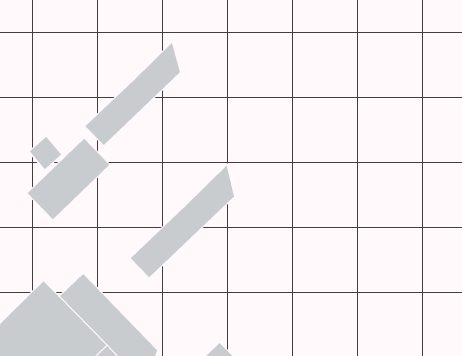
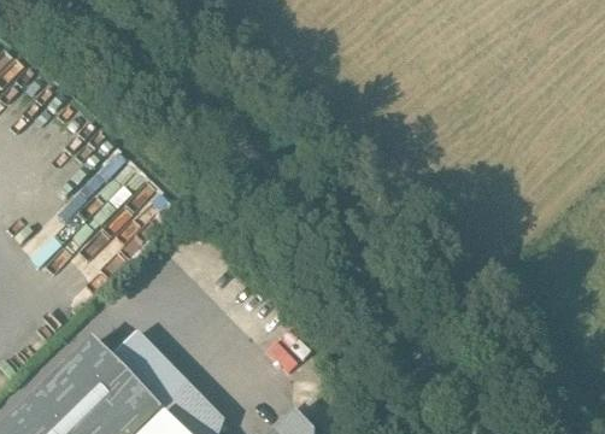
building: [85,42,181,146] -> none
building: [130,164,235,278] -> none

